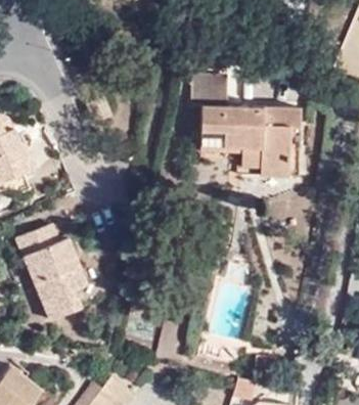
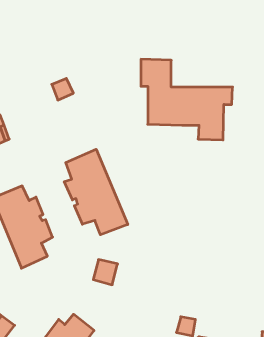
building: [239,127,299,175] -> none
building: none -> [64,149,128,235]

